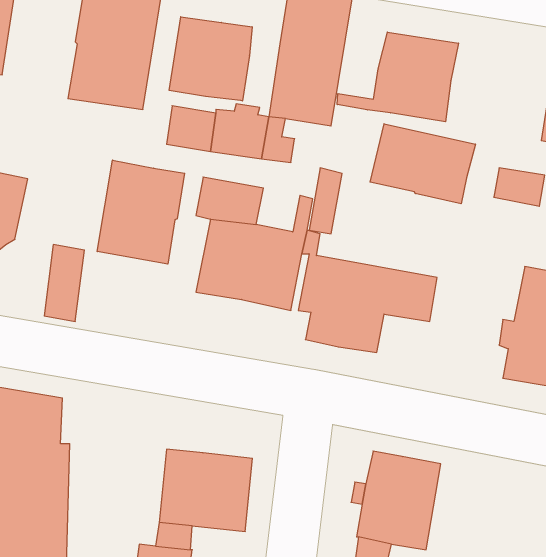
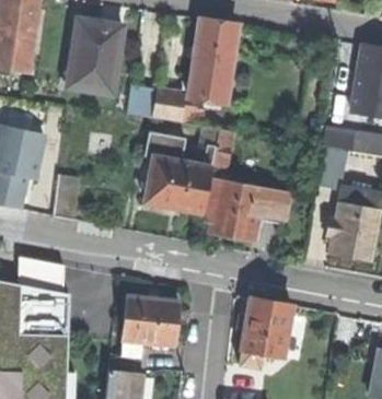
building: [169,17,252,101] -> none
building: [337,32,458,122] -> none
building: [370,124,475,204] -> none
building: [97,160,185,264] -> none

